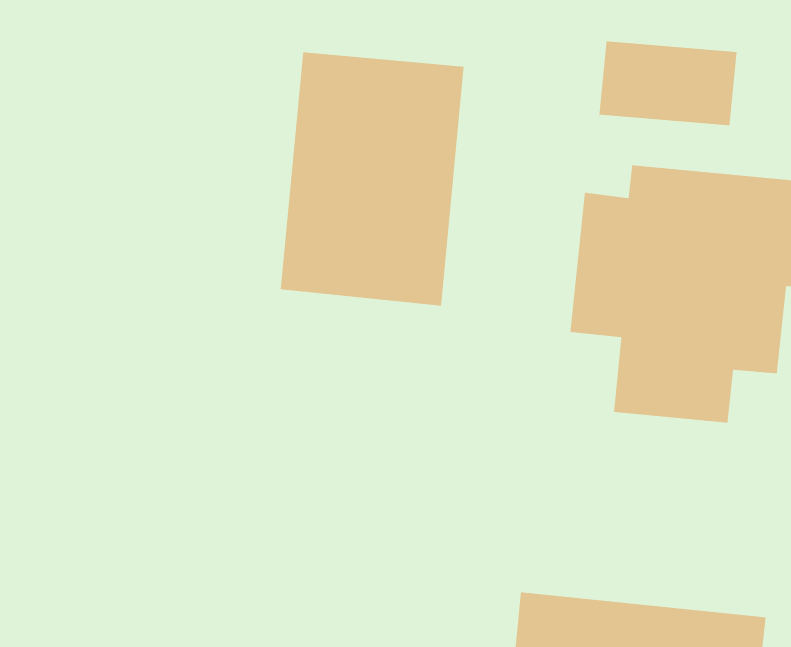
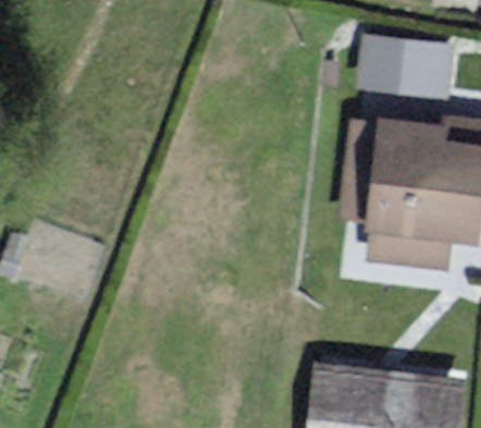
building: [280,51,465,306] -> none

